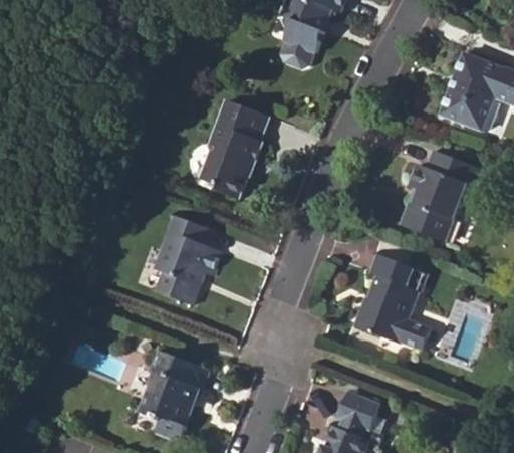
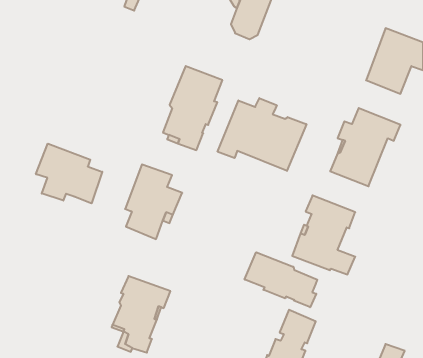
building: none -> [218,98,306,171]
building: none -> [36,144,102,203]
building: none -> [245,252,317,307]

